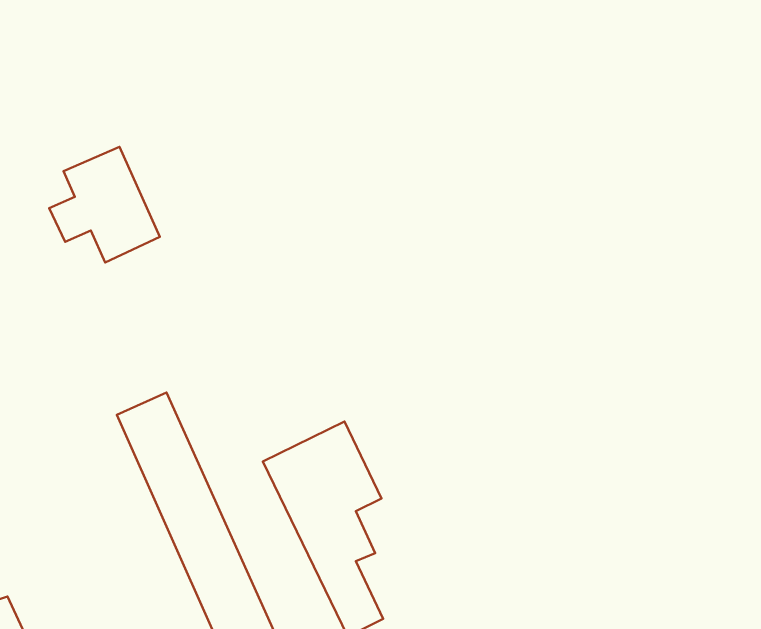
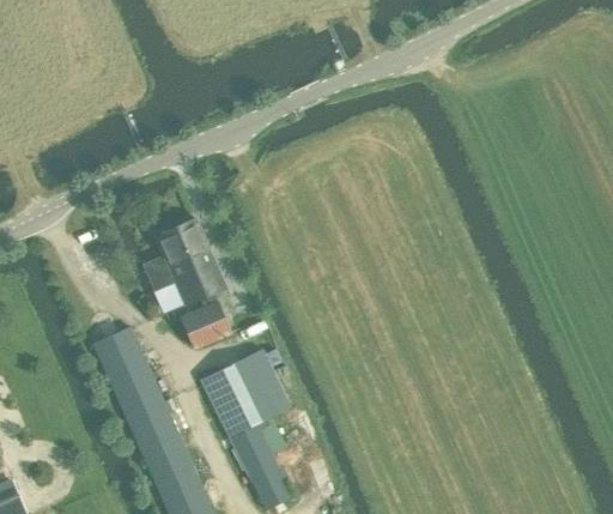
building: [49,147,160,263] -> [144,219,226,306]
building: none -> [181,302,231,347]

